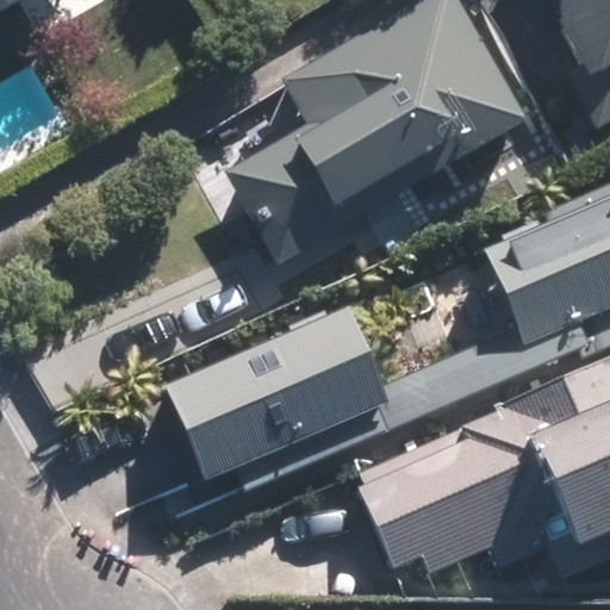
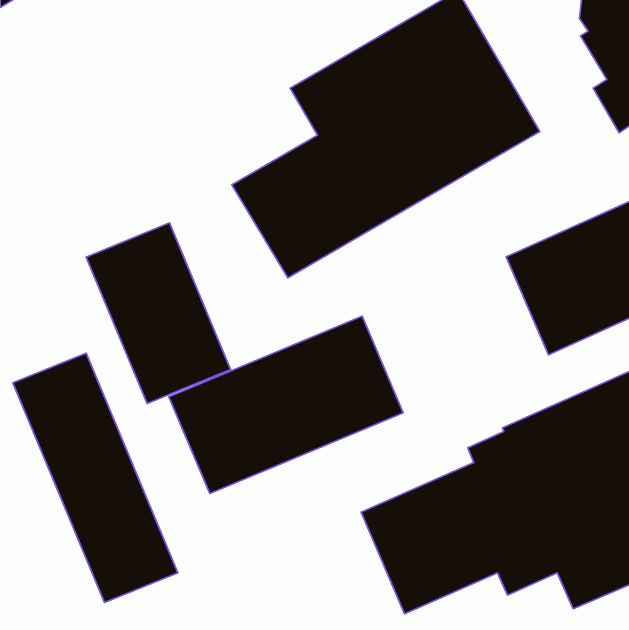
building: none -> [86,223,231,404]
building: none -> [13,353,178,603]

